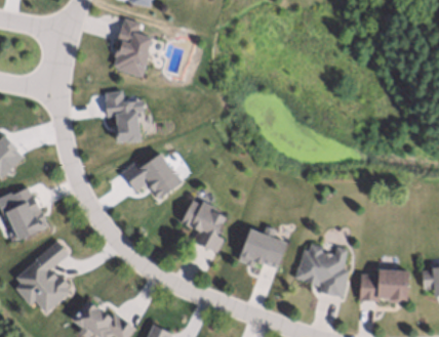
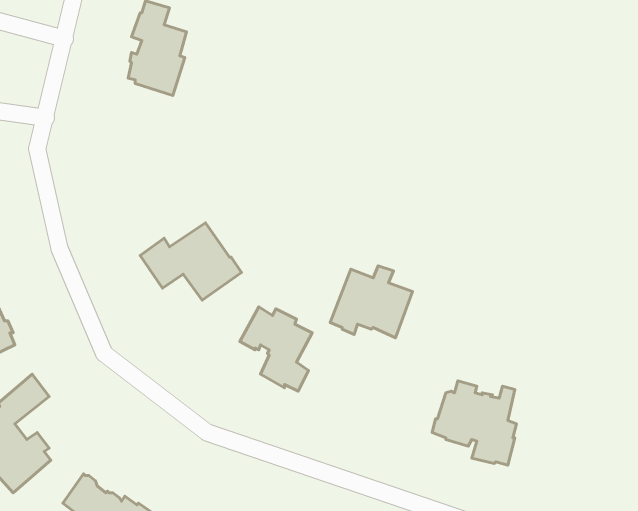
building: [105,90,144,141] -> none
building: [238,225,287,268] -> [330,266,413,338]
building: [359,270,406,303] -> none

